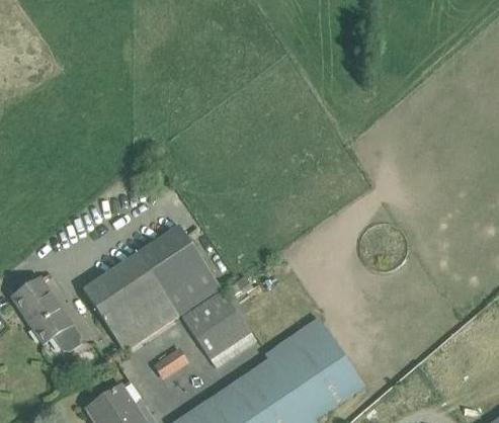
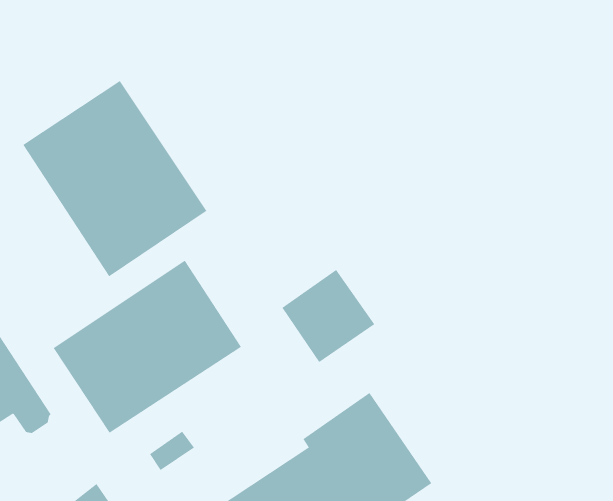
building: none -> [22,80,207,277]
building: [182,288,251,357] -> [281,269,375,363]

